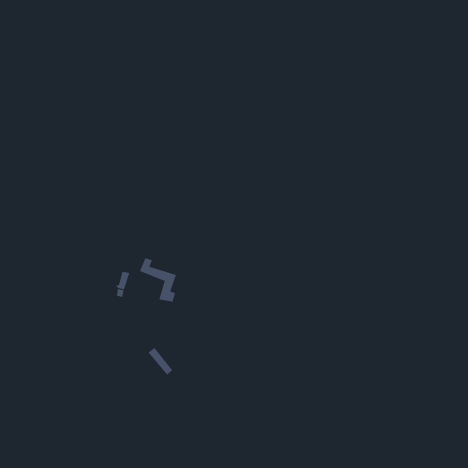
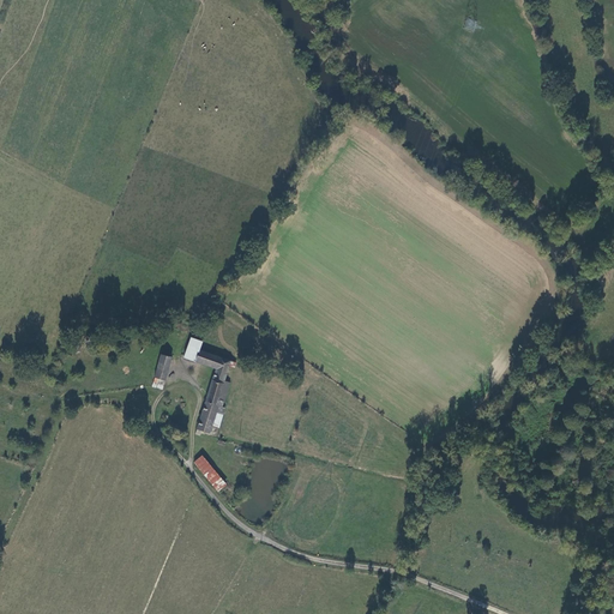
building: none -> [195,392,227,435]

